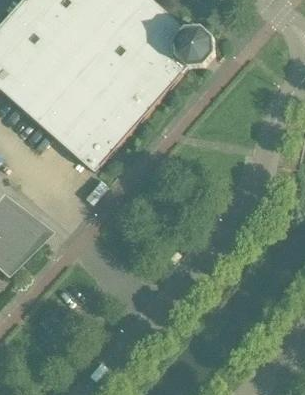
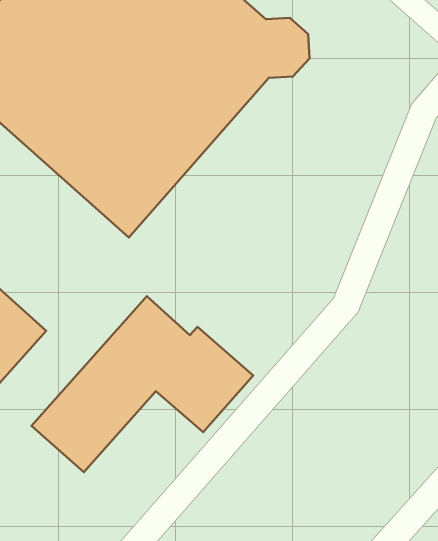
building: none -> [32,296,253,472]

